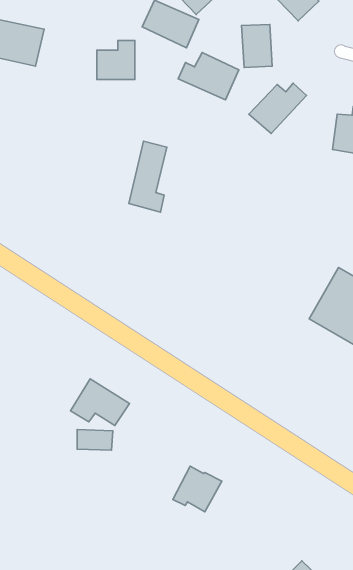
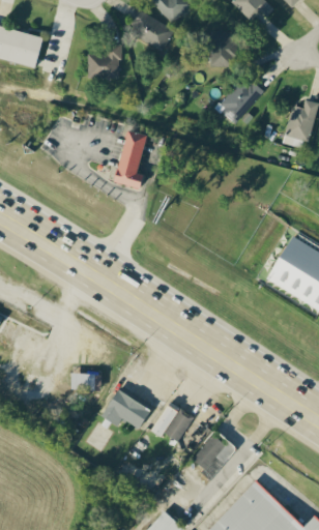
building: [178,52,239,100] -> none
building: [71,379,129,425] -> [100,389,150,429]
building: none -> [192,433,235,476]

